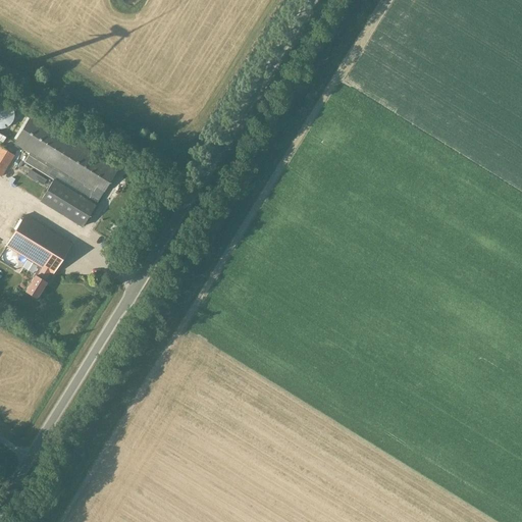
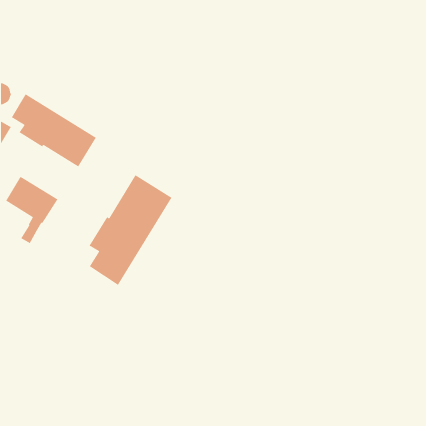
building: [39,178,96,227] -> none
building: none -> [89,174,173,286]

